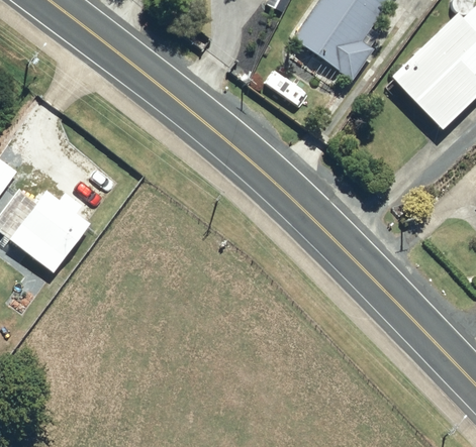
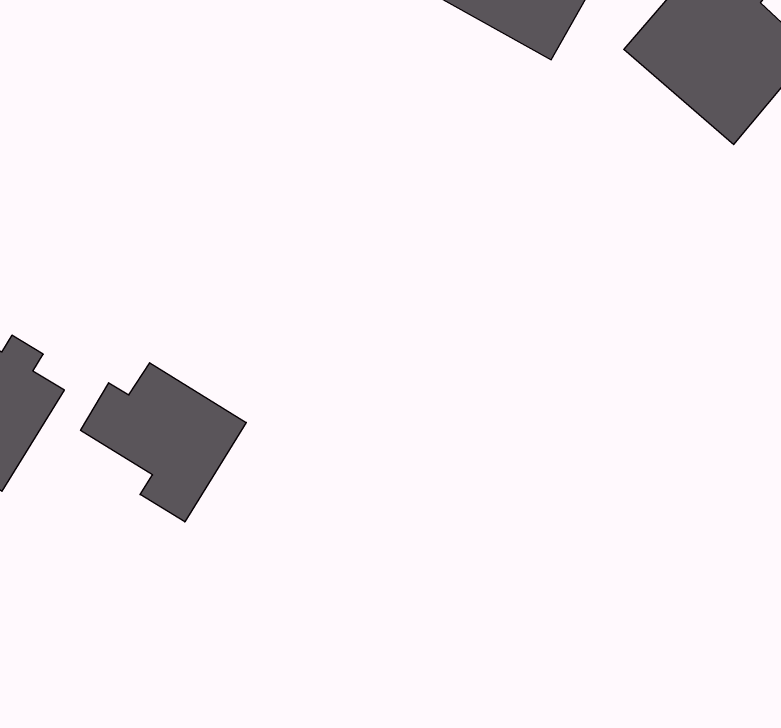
building: none -> [81,363,246,522]

